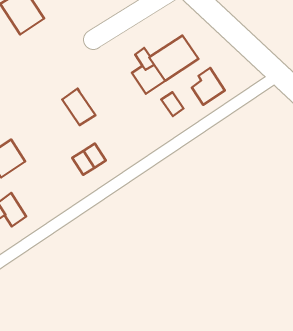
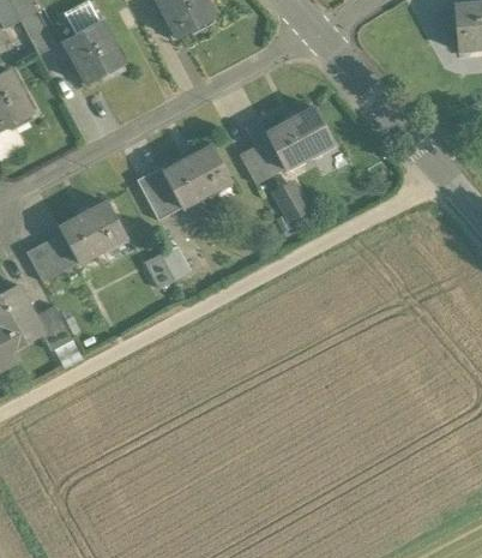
building: [192,68,225,105] -> none
building: none -> [163,145,230,206]
building: none -> [59,200,126,262]

